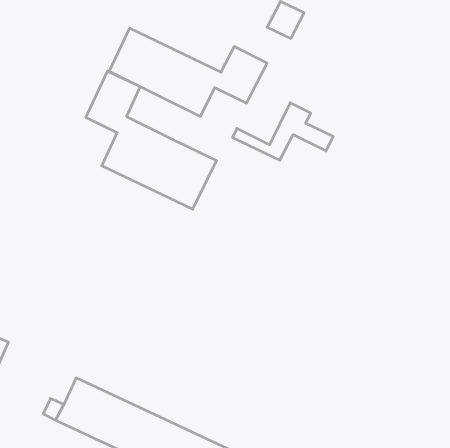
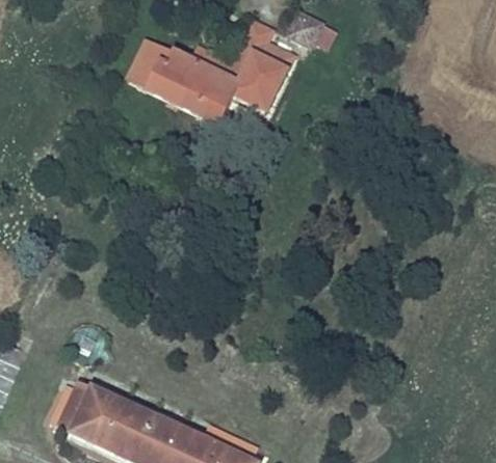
building: [86,71,217,209] -> none
building: [233,103,333,160] -> [193,22,295,80]

